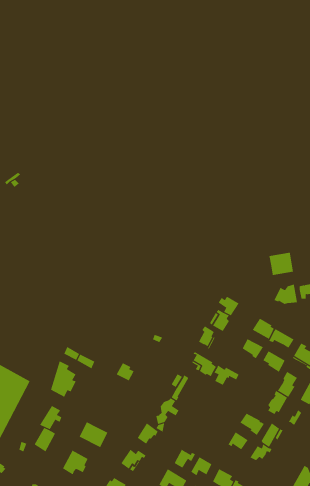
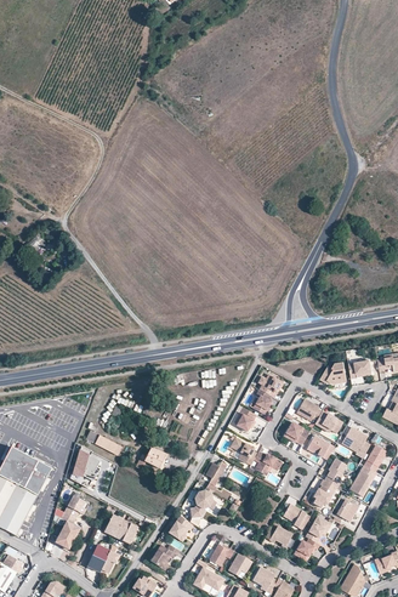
building: [269,252,294,276] -> none

